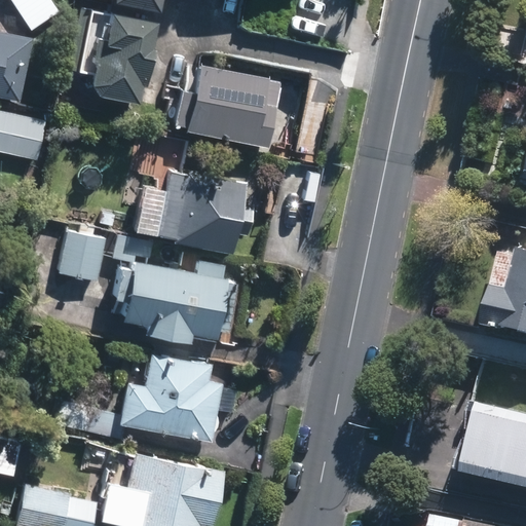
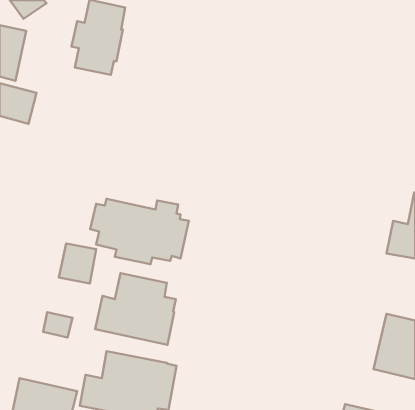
building: [174,65,284,149] -> none
building: [156,171,254,254] -> none
building: [58,232,105,283] -> [59,243,96,283]

